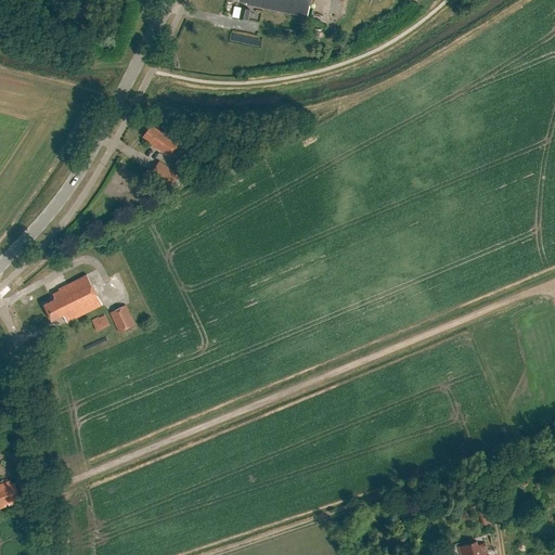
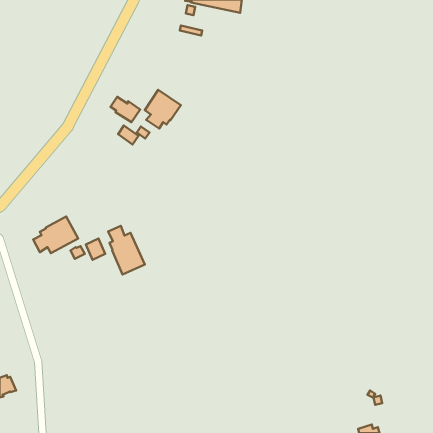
building: none -> [145,90,181,129]
building: none -> [108,226,145,274]

